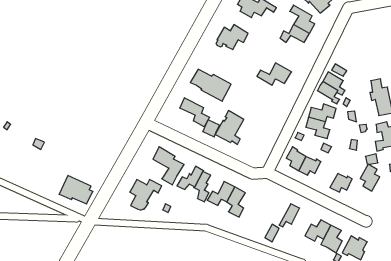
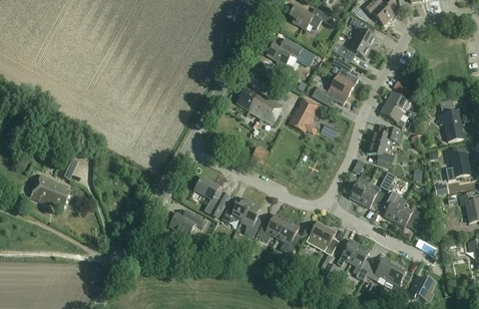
building: none -> [332,56,358,90]
building: [180,98,210,127] -> none
building: [215,111,244,144] -> [288,95,320,133]
building: [360,164,380,191] -> [381,191,403,221]
building: [59,175,93,204] -> [31,175,69,207]
building: none -> [309,221,338,255]
building: none -> [351,244,373,275]

